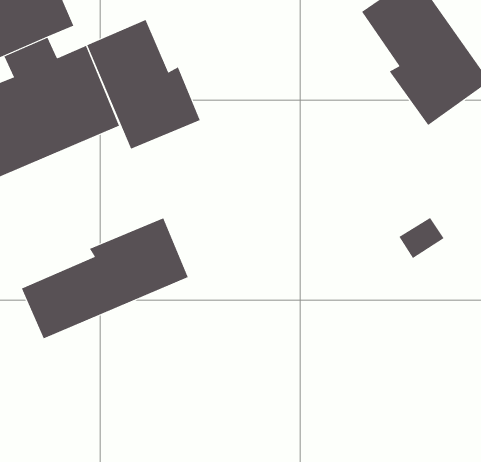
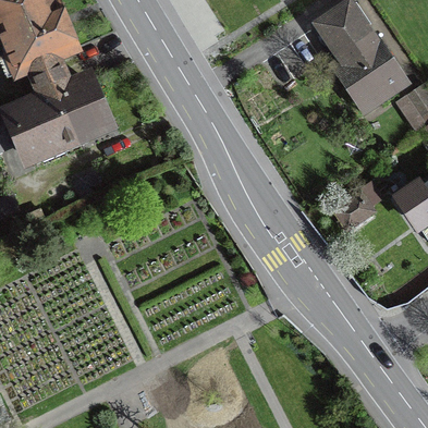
building: [86,19,200,149] -> none
building: [21,217,188,339] -> none

